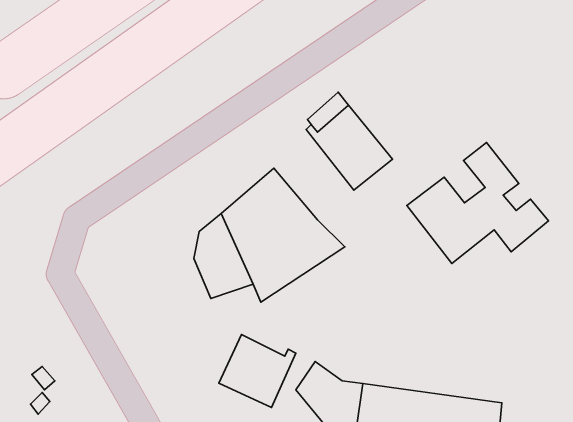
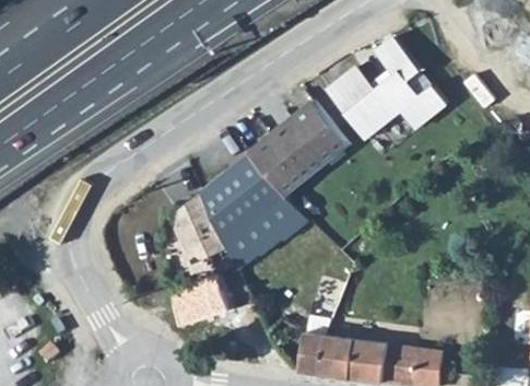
building: none -> [248,119,316,196]
building: [407,142,548,263] -> [325,35,445,138]
building: [219,335,296,408] -> none

